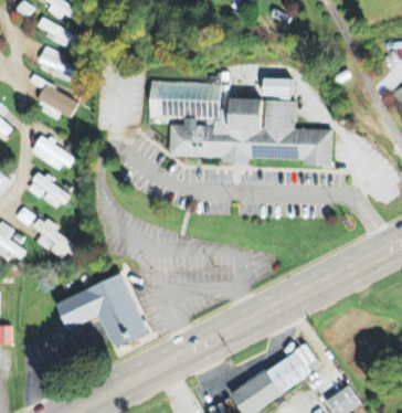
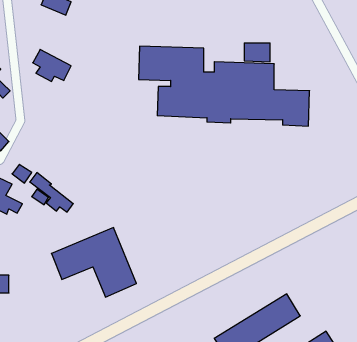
building: [38,47,82,84] -> none
building: [30,136,75,170] -> none
building: [27,173,68,210] -> none

